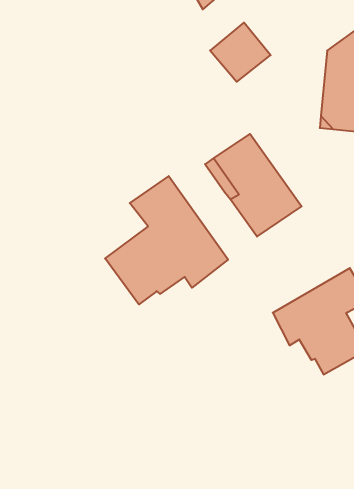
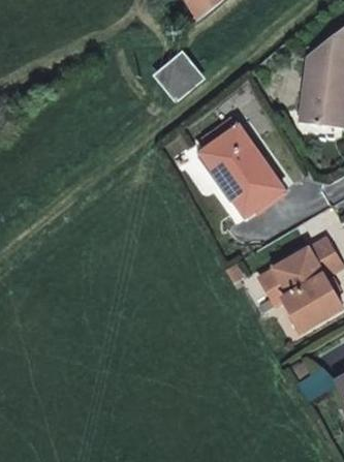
building: [210,23,271,82] -> [152,51,204,101]
building: [105,176,228,304] -> none

